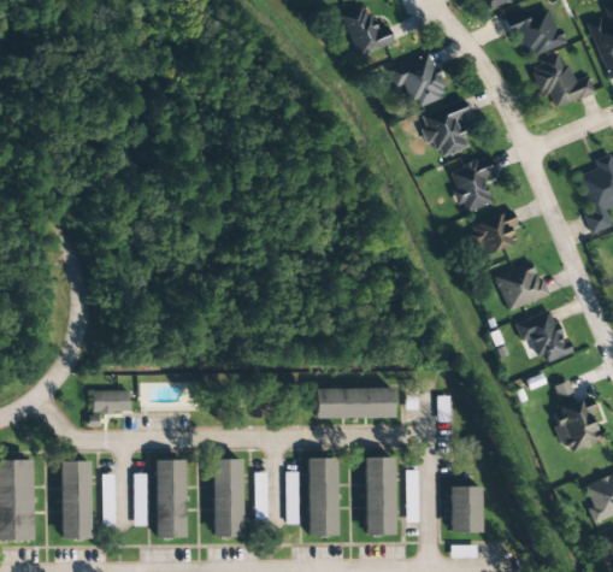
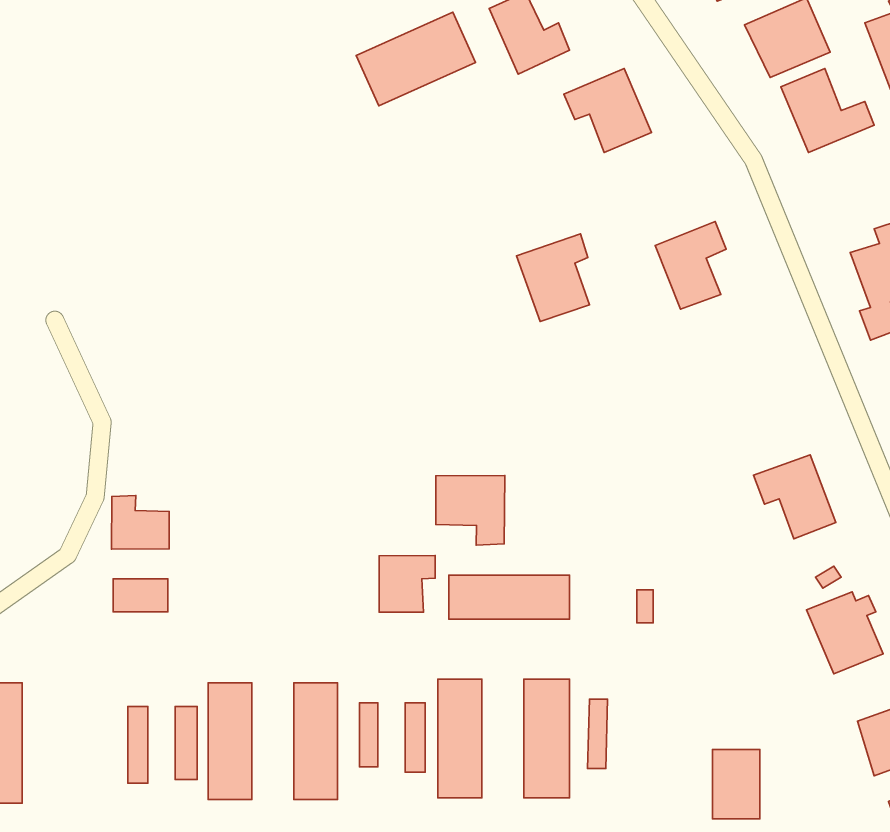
building: none -> [356,12,475,106]
building: [424,101,472,159] -> [517,234,590,321]
building: [472,211,519,256] -> none
building: [497,261,549,312] -> none
building: none -> [436,476,505,545]
building: none -> [111,495,169,549]
building: none -> [379,556,435,612]
building: [61,461,90,538] -> none
building: [450,487,482,532] -> [712,750,760,819]

